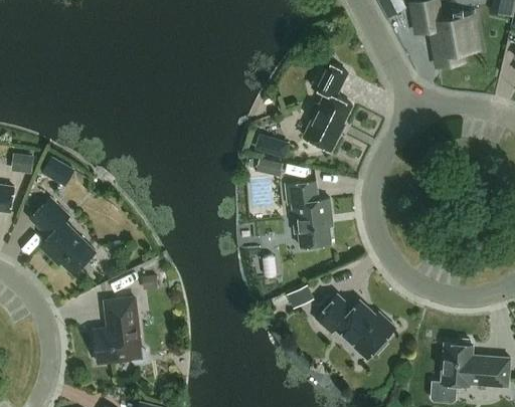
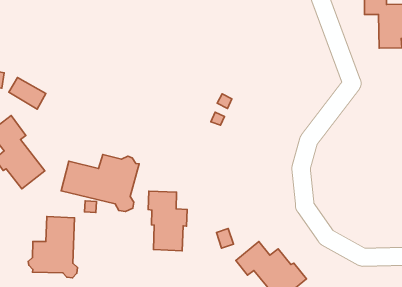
building: [303,60,352,153] -> none
building: [286,181,332,246] -> [148,191,187,251]
building: none -> [61,155,139,211]

